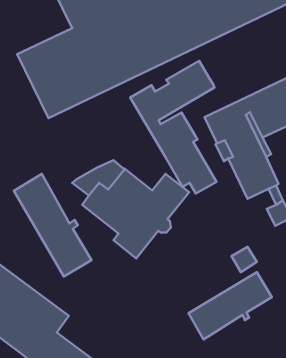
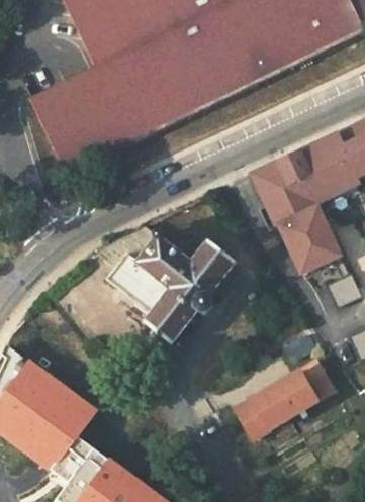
building: [130,61,217,194] -> none
building: [14,174,91,276] -> none

